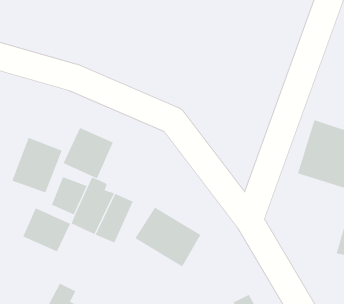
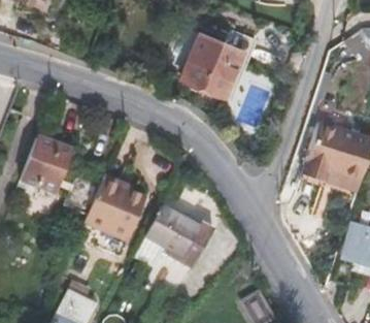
building: none -> [170,17,248,94]
building: [63,127,114,179] -> none
building: [23,207,71,252] -> none

